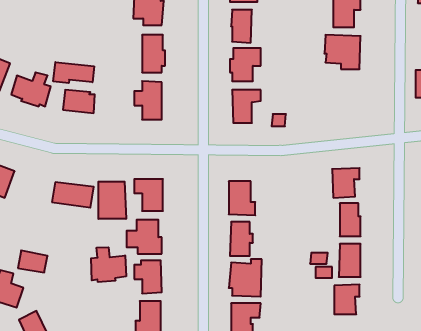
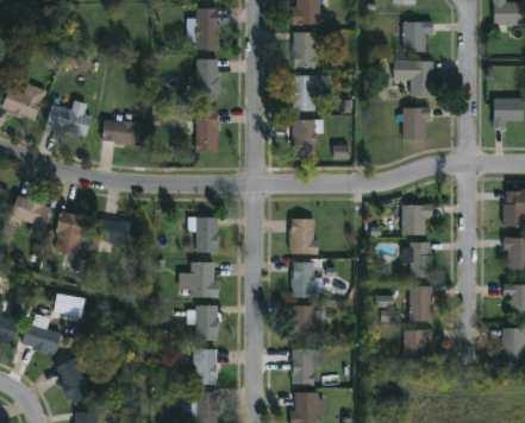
building: [53,62,94,83] -> none
building: none -> [396,108,429,140]
building: none -> [62,210,98,250]
building: [98,182,126,219] -> none
building: [91,247,126,282] -> none

